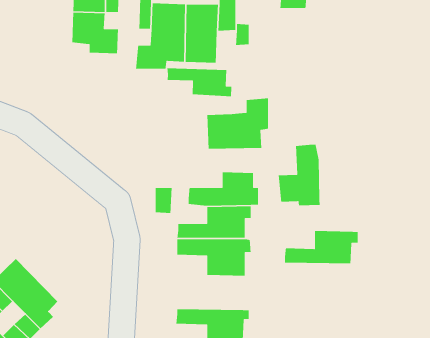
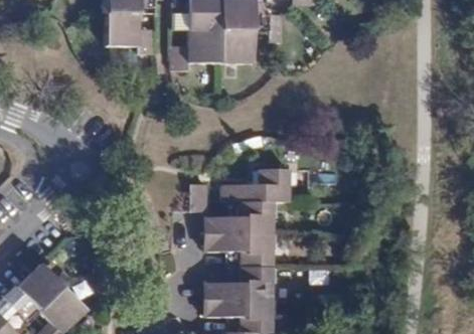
building: [166,68,232,97] -> none
building: [207,97,269,149] -> none
building: [278,144,320,206] -> none
building: [284,230,358,264] -> [205,271,278,304]

